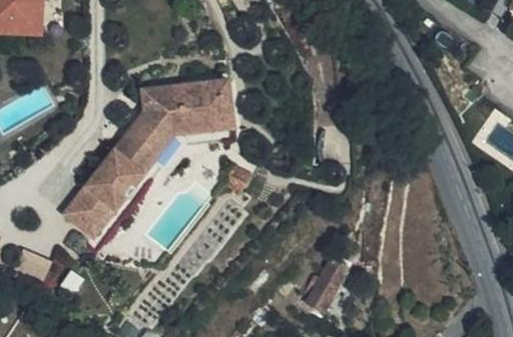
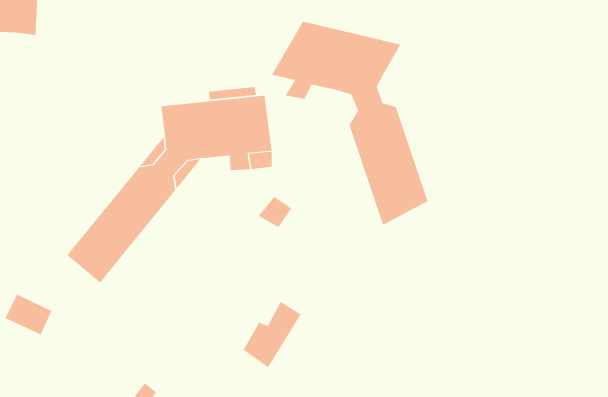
building: none -> [271,21,428,225]
building: [303,259,351,314] -> [243,301,301,368]

